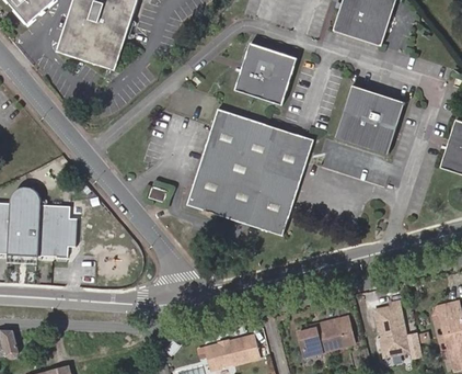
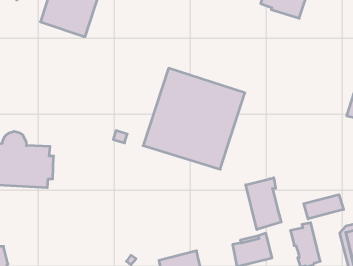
building: [234,43,297,104] -> none
building: [334,83,405,154] -> none
building: none -> [246,178,281,230]
building: none -> [304,195,344,219]

